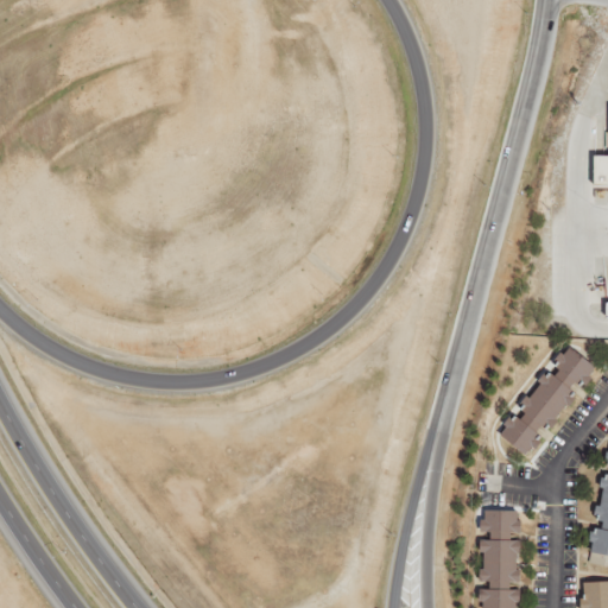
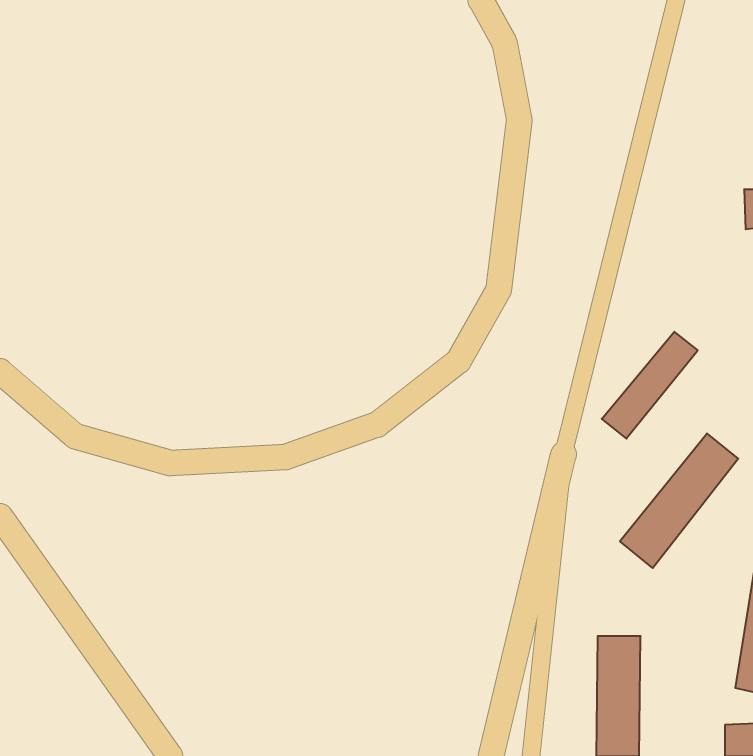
building: none -> [602,332,698,439]

